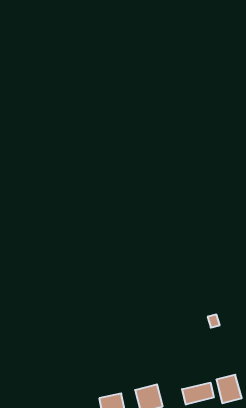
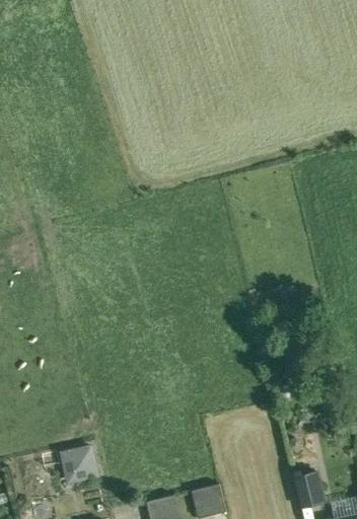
building: none -> [60,446,92,483]
building: [182,383,214,405] -> none

